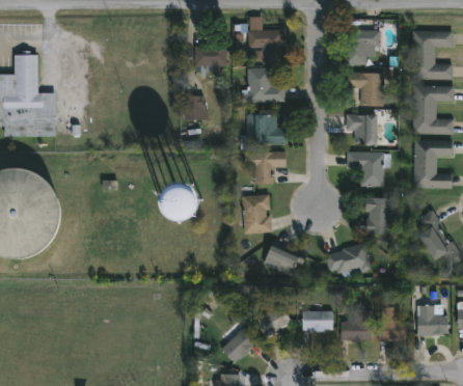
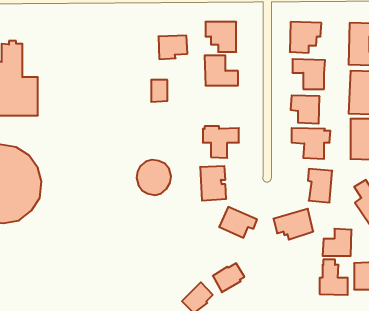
building: [246,114,284,145] -> none
building: [339,309,373,340] -> [323,229,352,256]
building: [302,310,333,331] -> none

